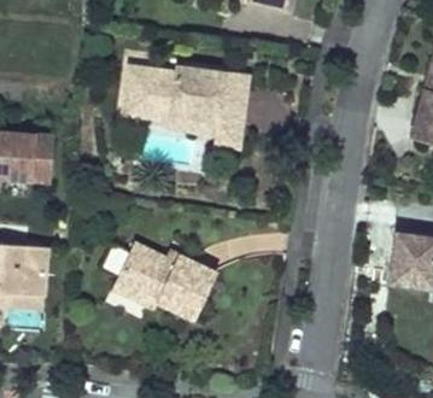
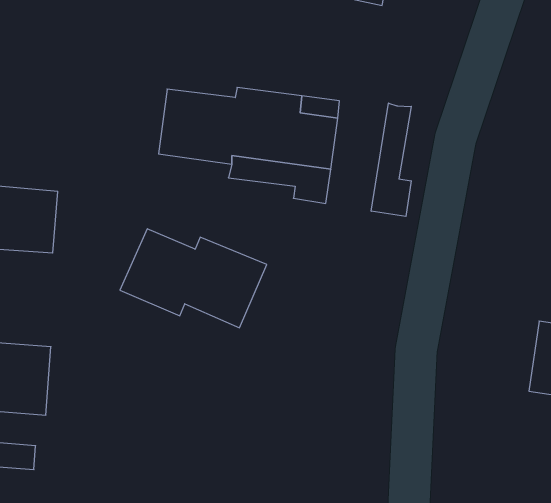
building: none -> [371,103,411,216]
building: [125,247,229,317] -> [120,229,267,328]

